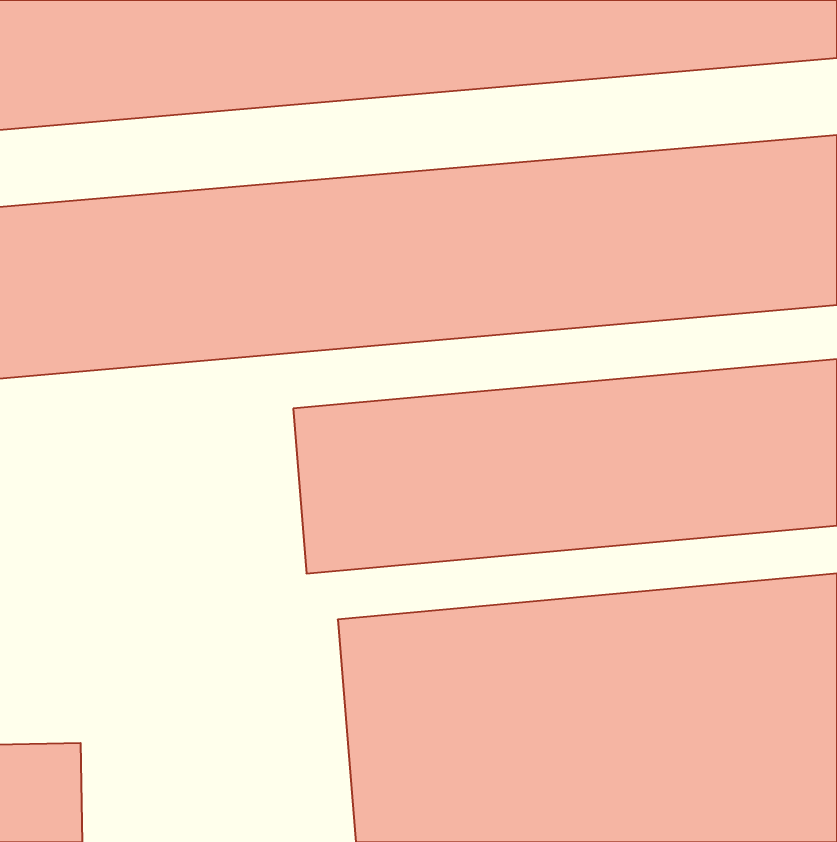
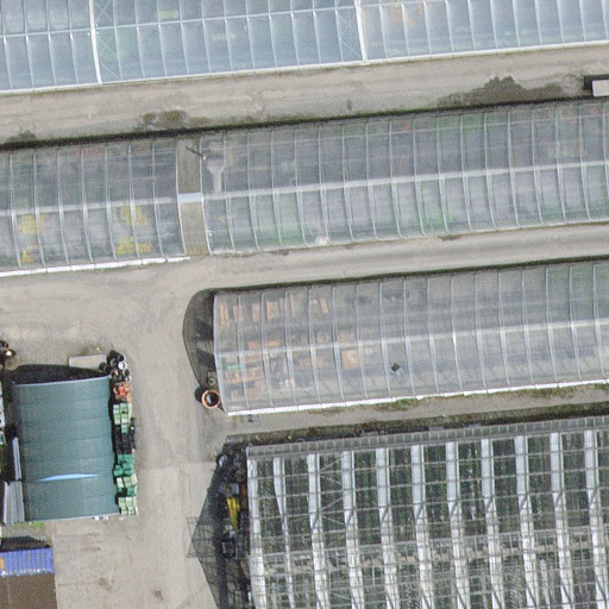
building: none -> [25,365,120,508]

